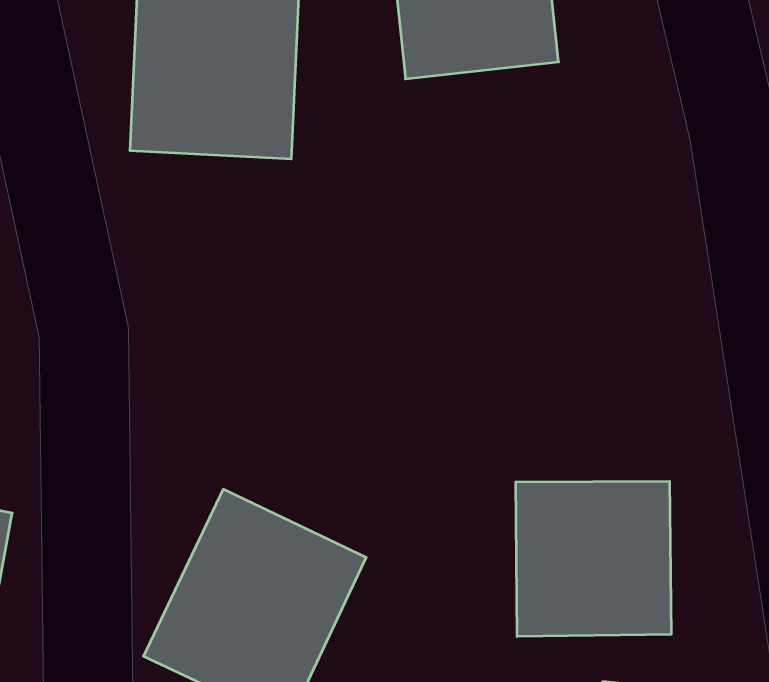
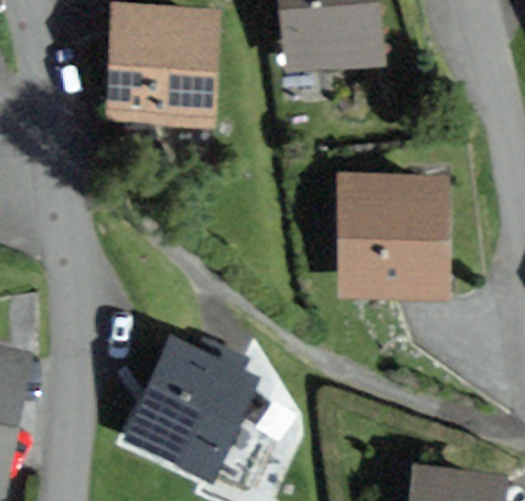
building: none -> [336,172,450,300]
building: [516,481,671,637] -> none

